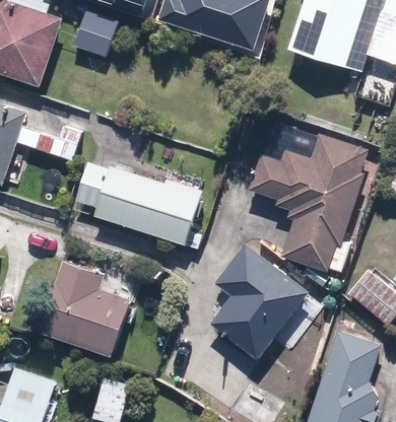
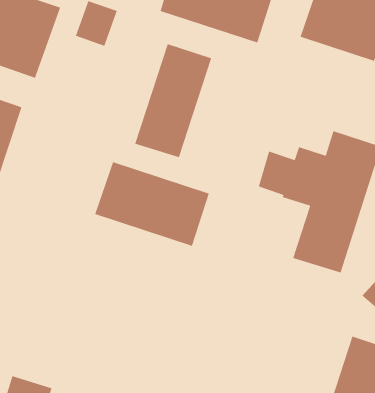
building: none -> [134,43,212,158]
building: [211,243,307,356] -> none
building: [40,259,131,354] -> none

